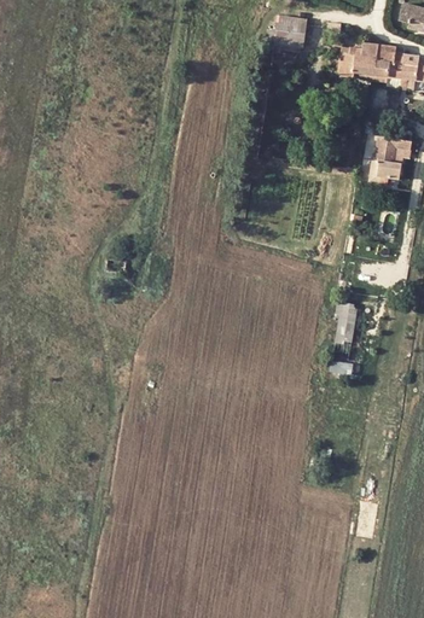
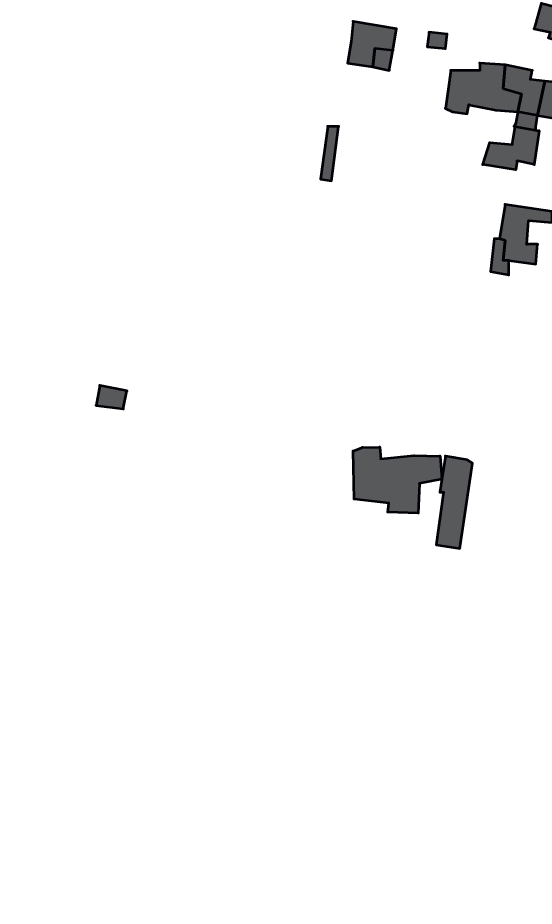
building: none -> [483,127,539,170]
building: none -> [353,447,442,513]

